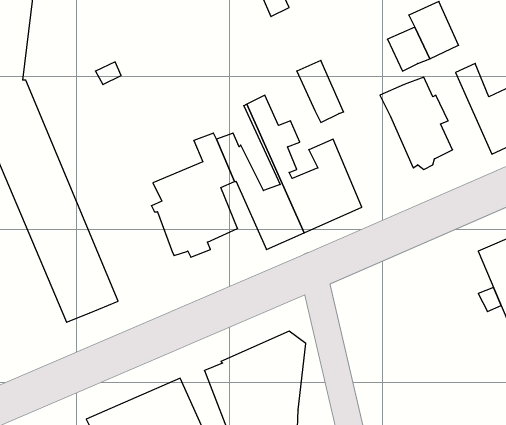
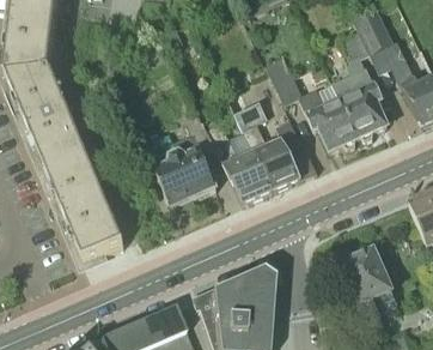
building: none -> [298,89,356,151]
building: none -> [340,246,396,326]

